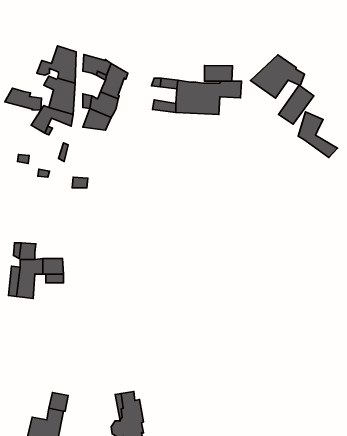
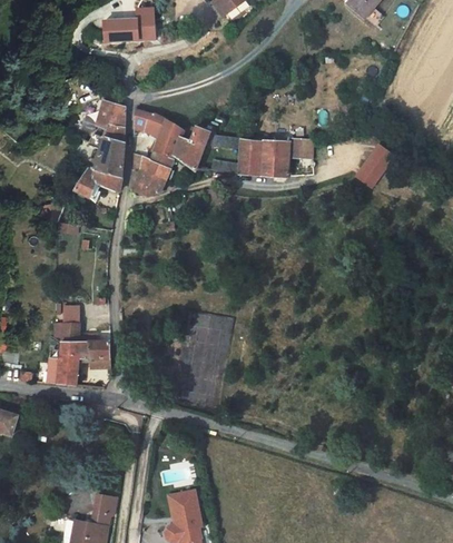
building: [250,55,305,98] -> none
building: [204,65,232,81] -> none
building: none -> [173,126,210,171]
building: [5,88,41,110] -> none
building: [298,112,338,158] -> none

